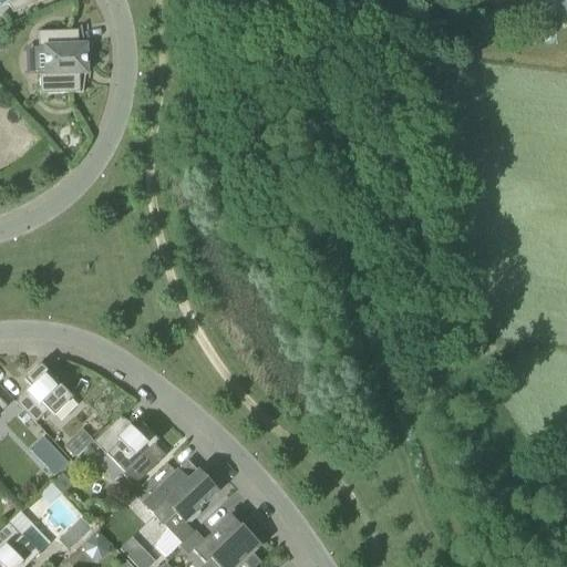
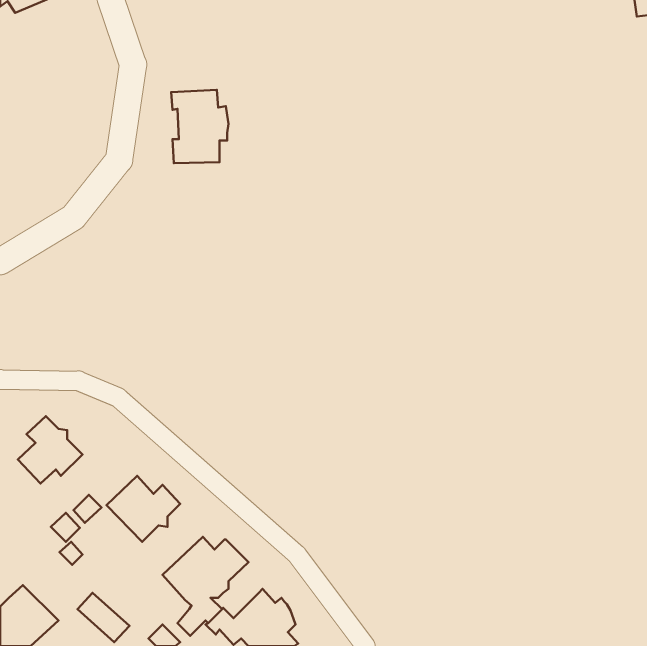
building: [39,29,89,93] -> [171,90,228,163]

